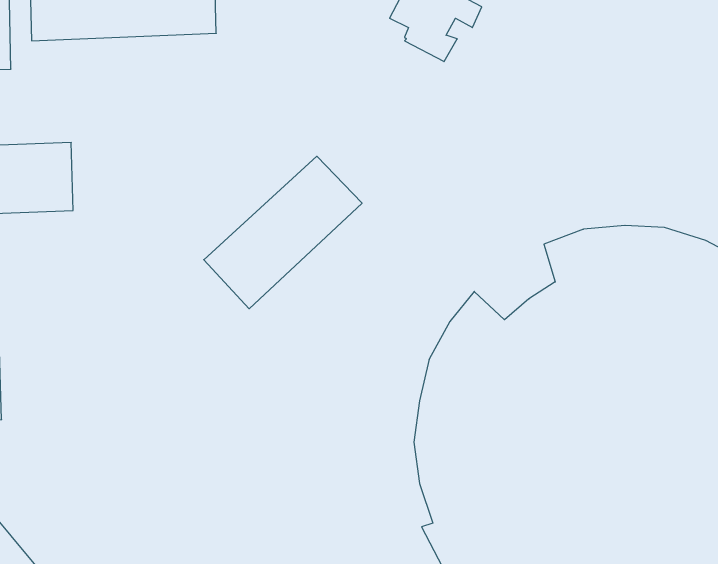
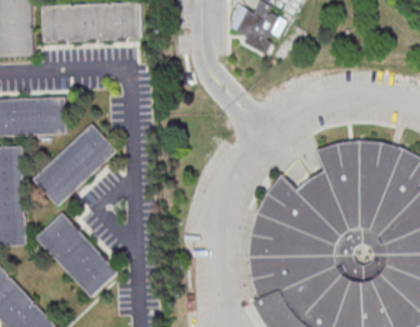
building: [204,156,362,309] -> [31,124,116,205]
building: none -> [35,213,121,303]

